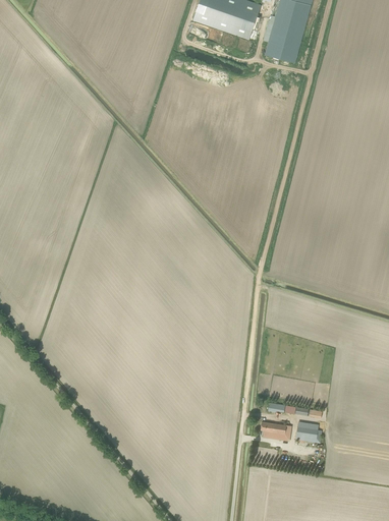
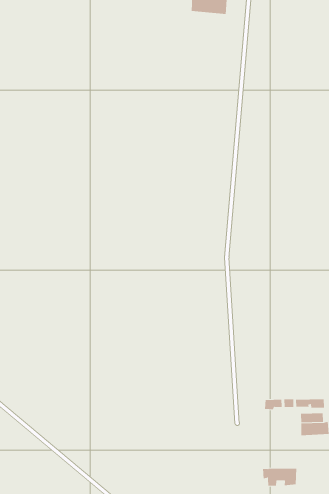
building: [261,421,292,441] -> [262,468,297,486]

